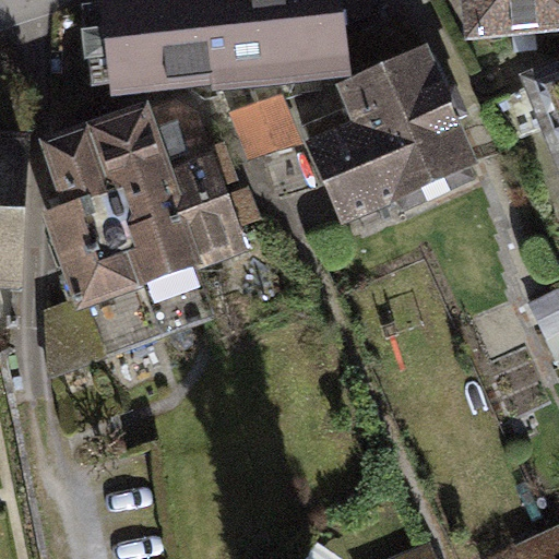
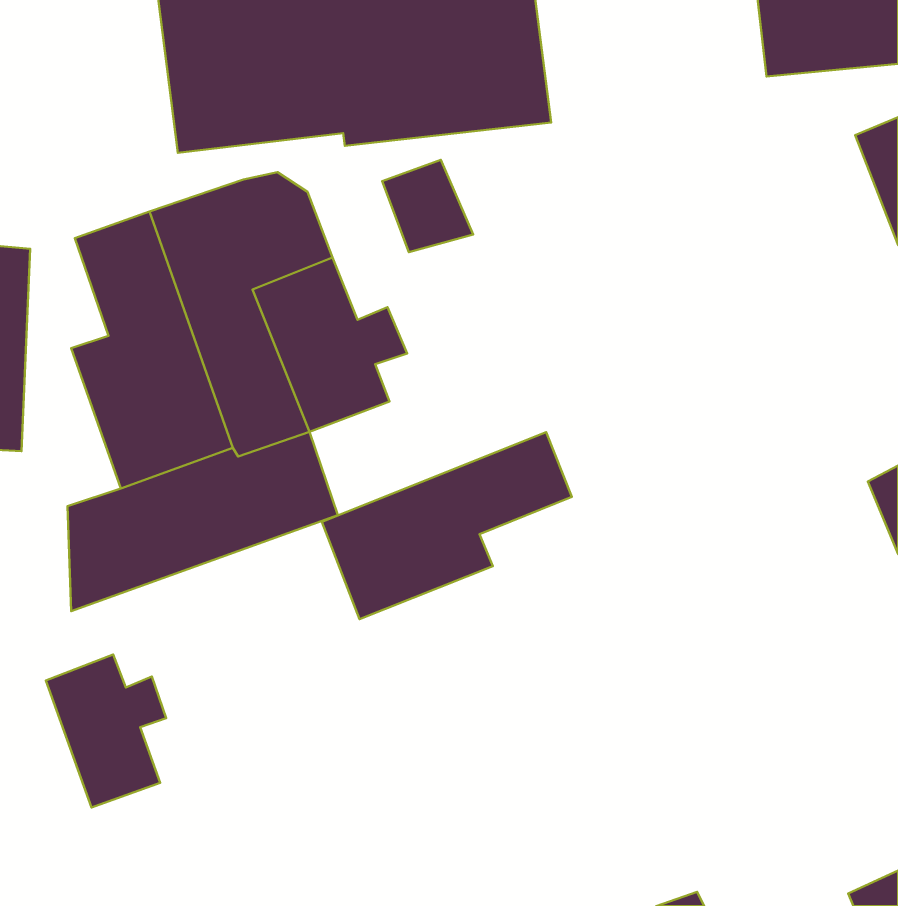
building: [297,23,466,221] -> none
building: none -> [322,432,572,619]
building: none -> [46,655,166,808]

